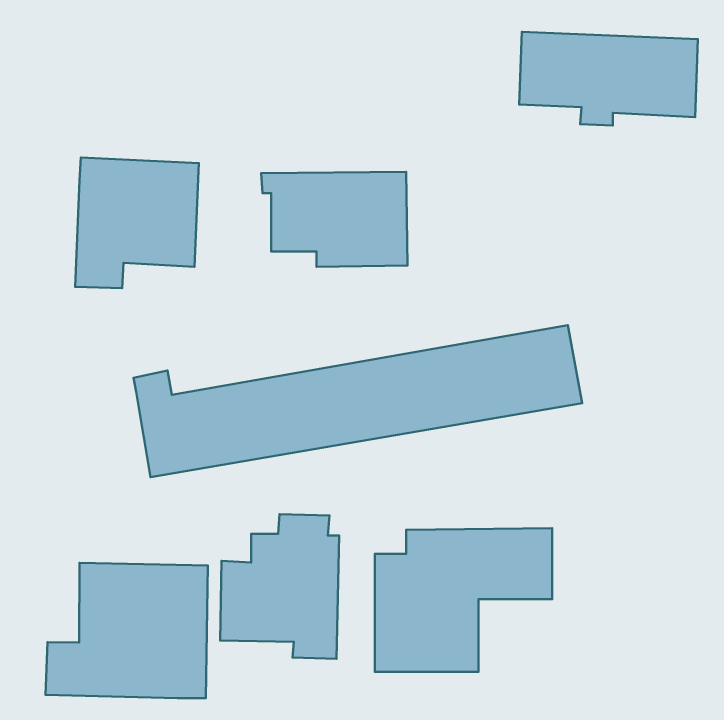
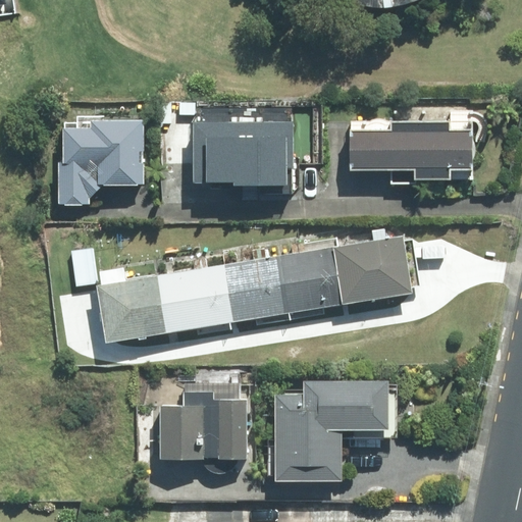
building: [519,32,698,126] -> [345,118,473,186]
building: [46,563,208,698] -> none

